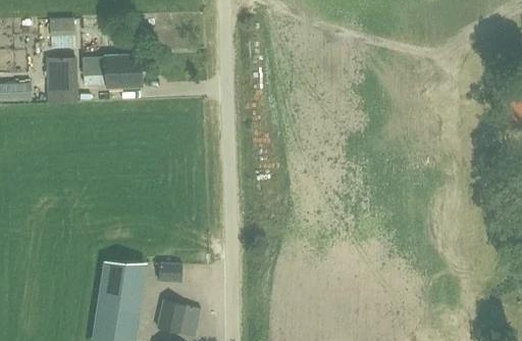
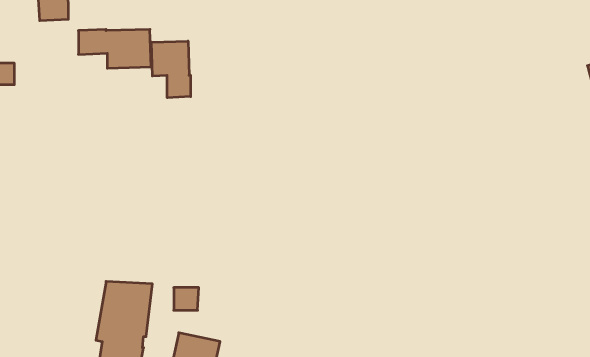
building: [45,57,77,102] -> none
building: none -> [151,41,191,98]

